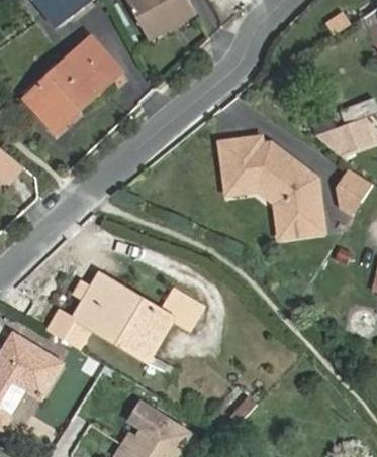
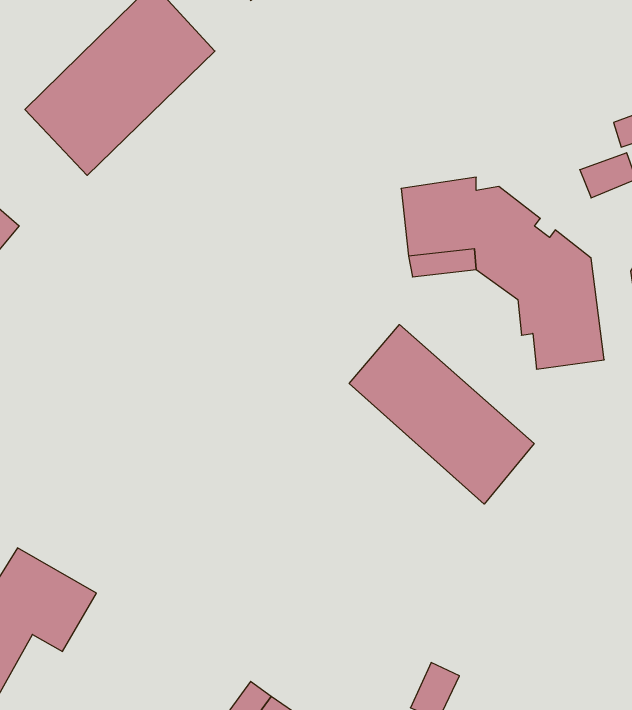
building: none -> [349,325,534,504]
building: [45,273,203,360] -> none

